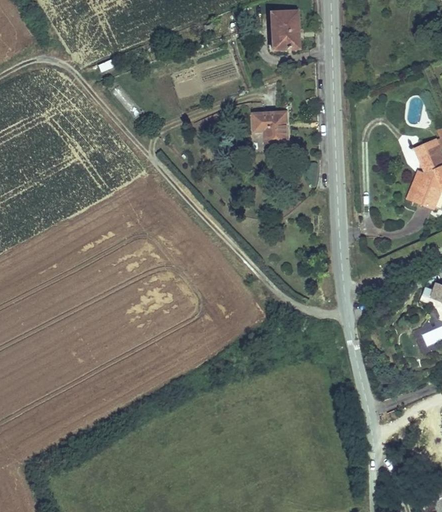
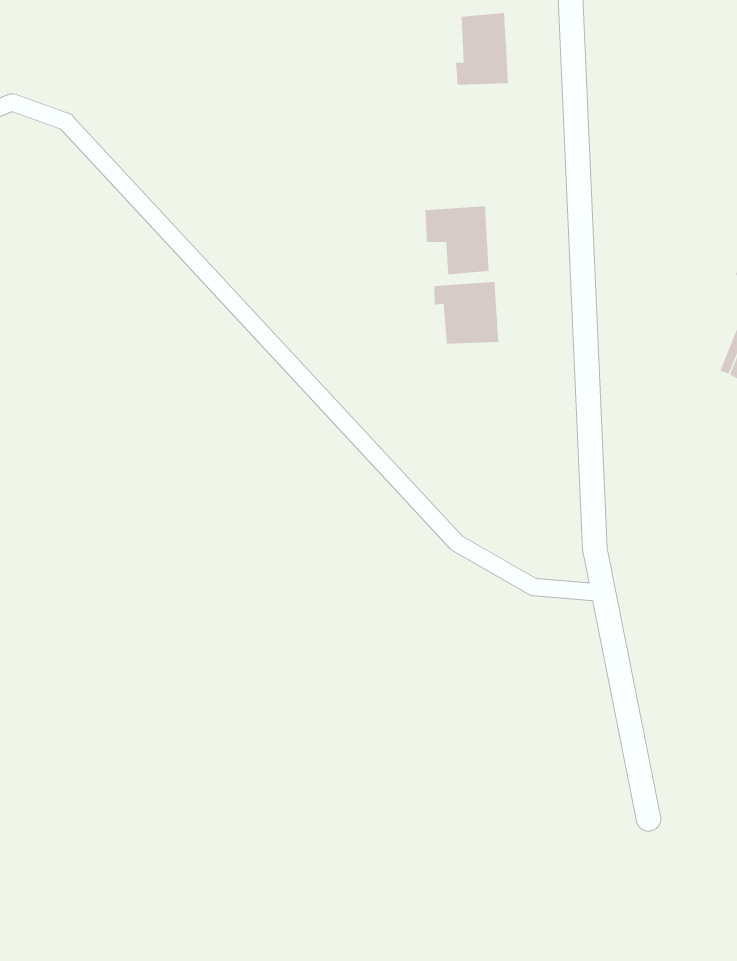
building: none -> [434,281,499,344]

